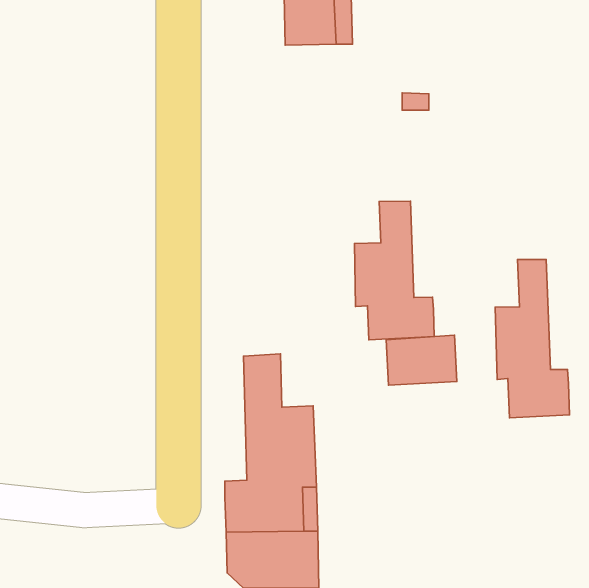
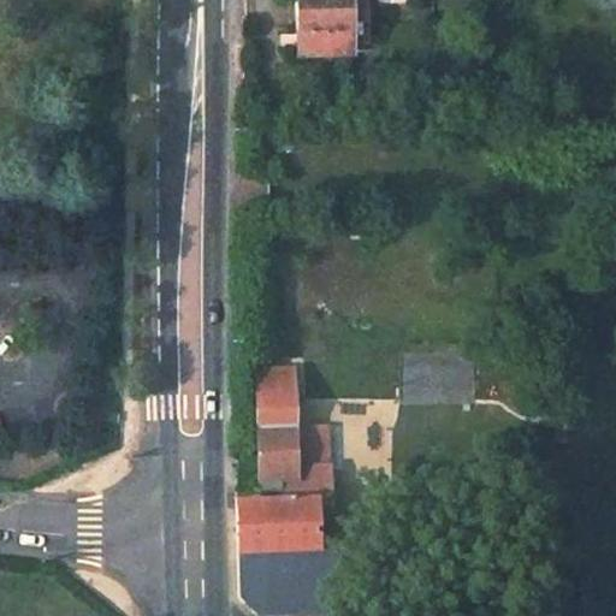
building: [354,201,434,340] -> none
building: [495,259,570,418] -> none

